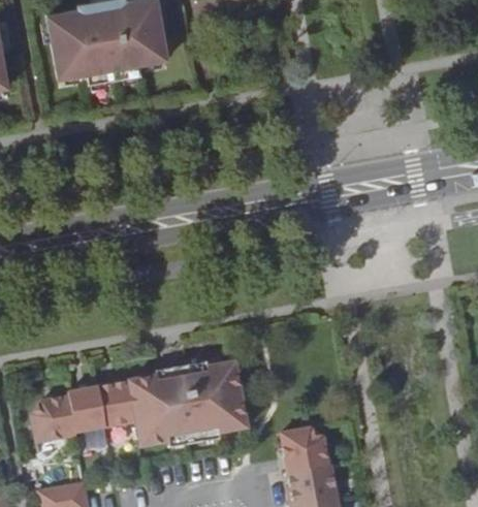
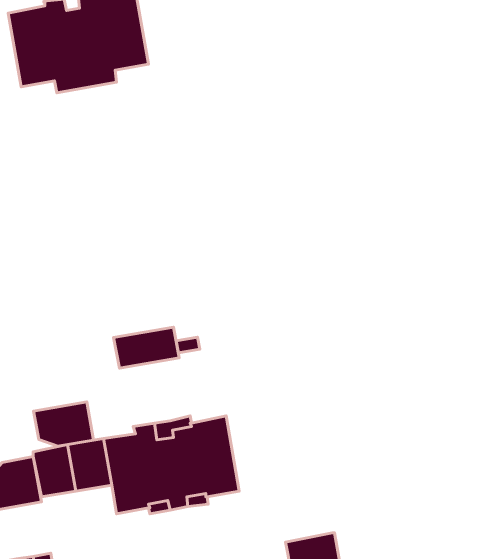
building: none -> [114,327,179,368]
building: none -> [34,402,94,446]
building: [280,425,327,472] -> none

